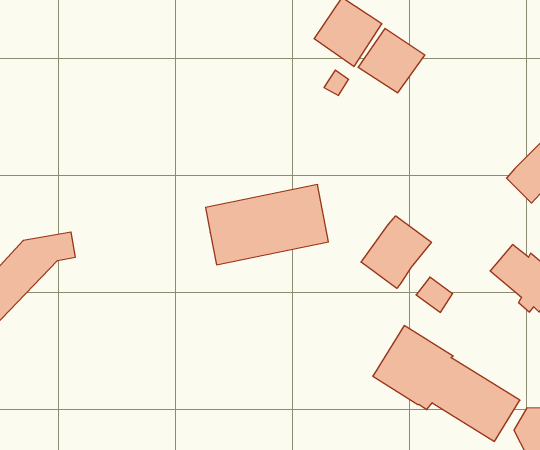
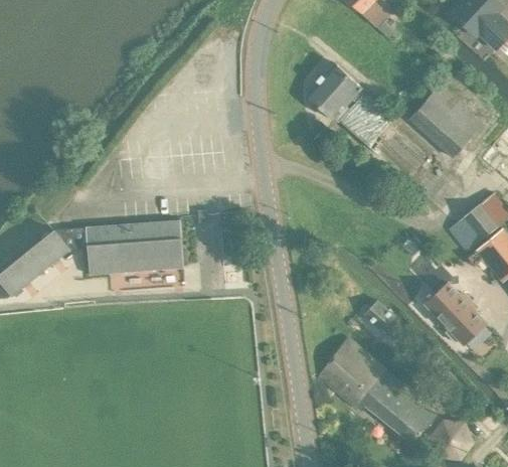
building: none -> [408,85,483,158]
building: [206,185,328,265] -> [84,220,182,276]
building: [361,216,431,288] -> none

